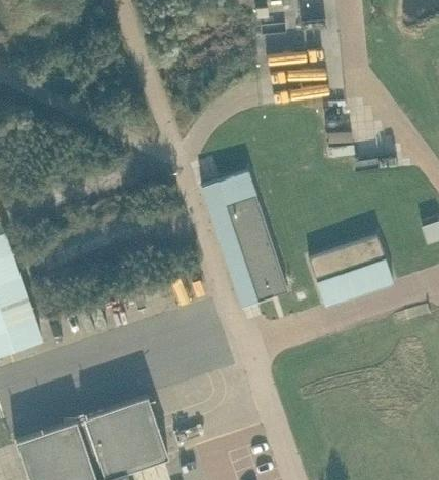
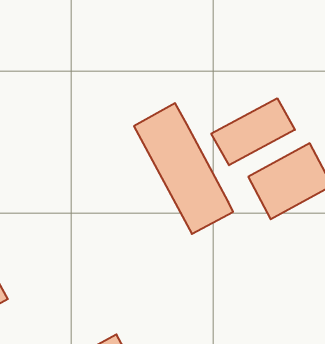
building: none -> [211,98,295,165]

